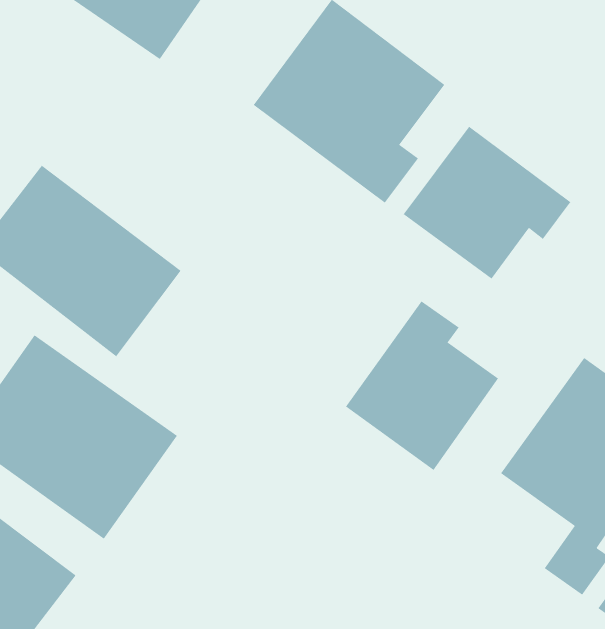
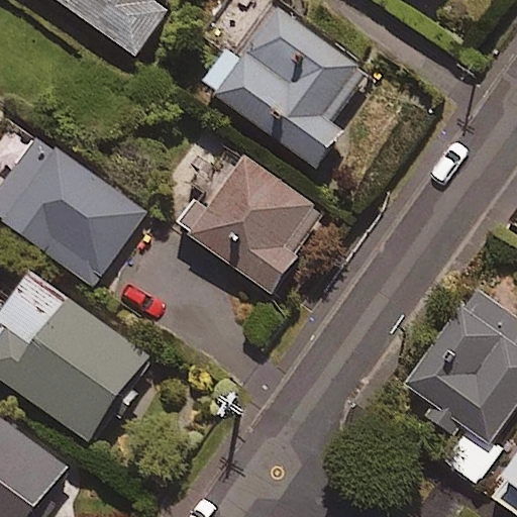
building: [403,126,571,279] -> none
building: none -> [177,141,325,292]
building: [345,300,499,471] -> none

